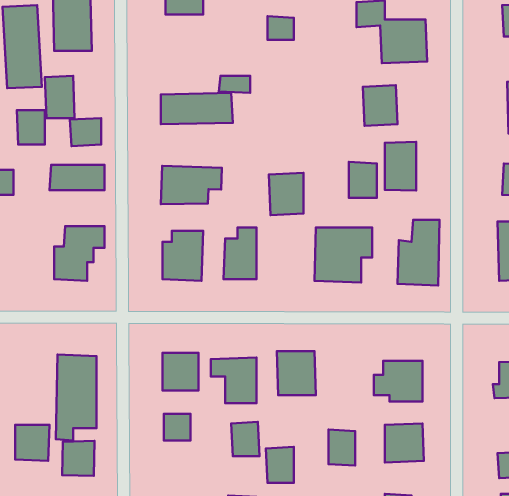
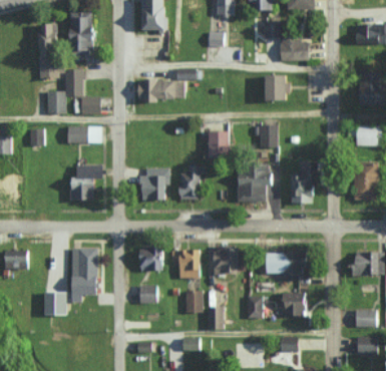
building: [385,142,416,190] -> none
building: [161,166,222,204] -> none
building: [62,441,95,476] -> none

